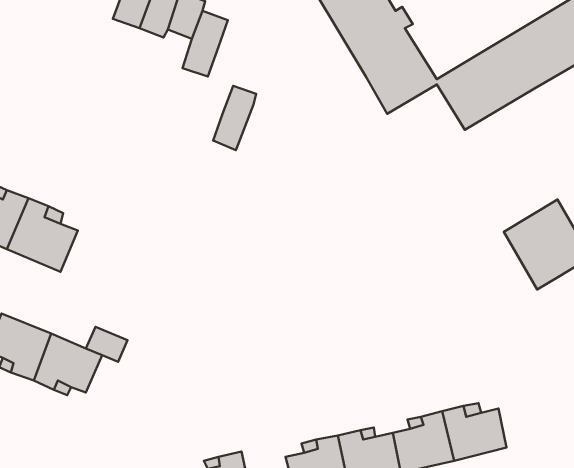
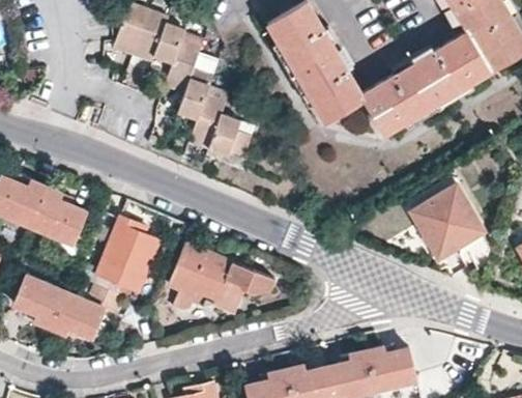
building: none -> [177,69,213,121]
building: none -> [209,114,251,155]
building: none -> [96,218,158,291]
building: none -> [164,246,244,311]

